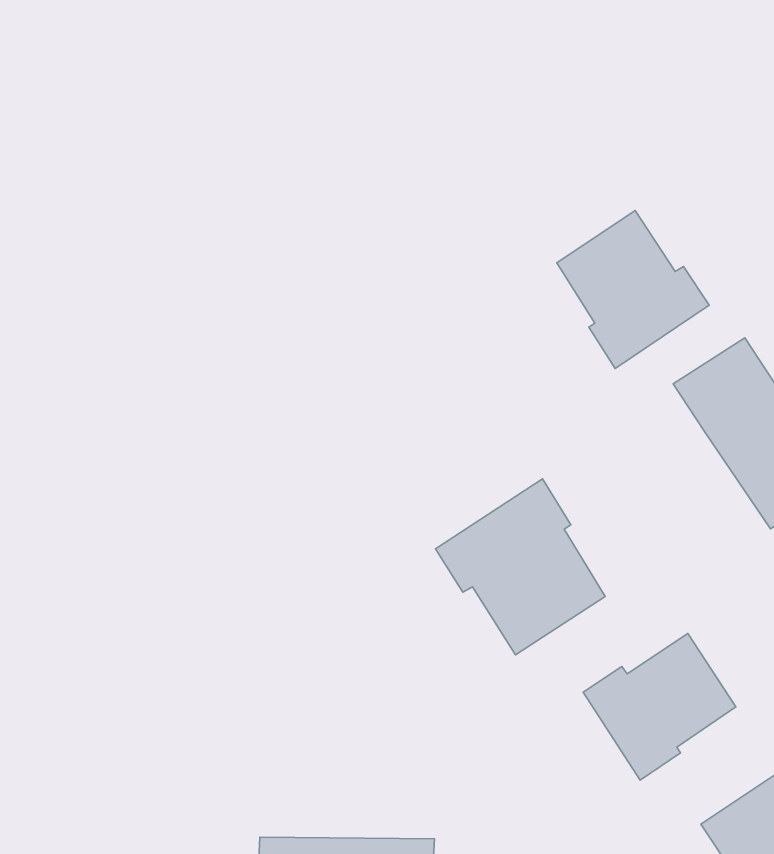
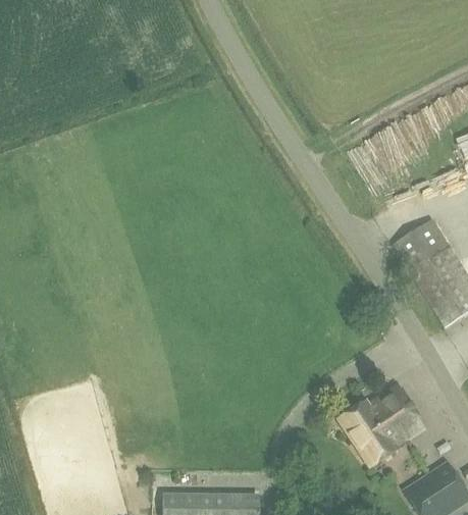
building: [557,210,709,368] -> none
building: [436,479,605,655] -> none

